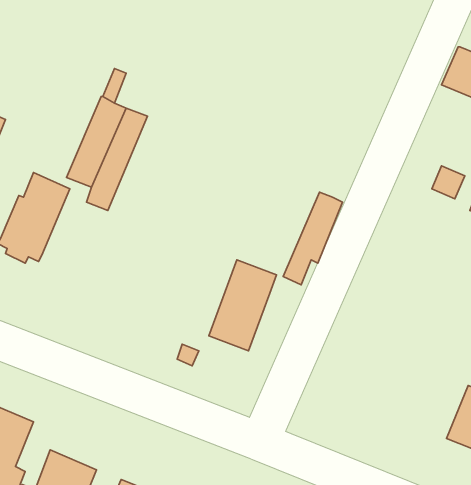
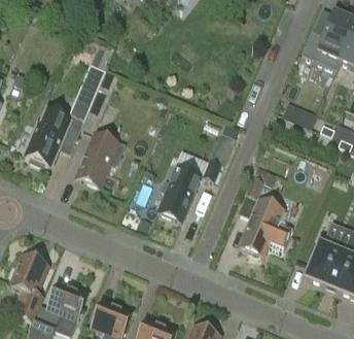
building: none -> [77,132,125,185]
building: none -> [238,164,292,253]

